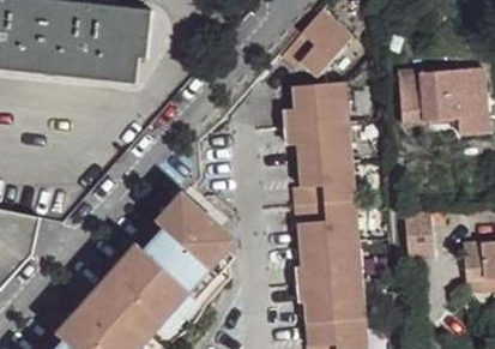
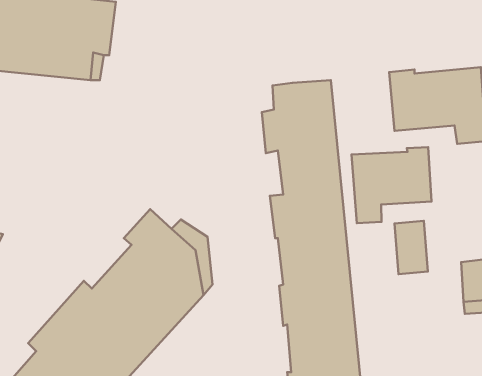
building: [274,18,345,83] -> none
building: none -> [351,147,431,223]

